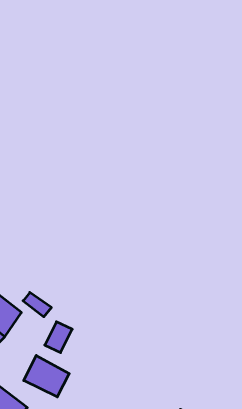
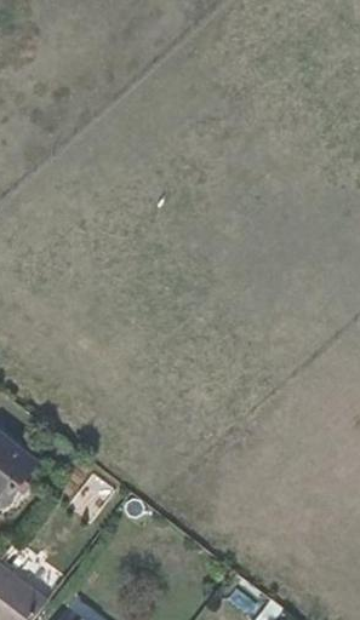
building: [24,355,69,397] -> none

